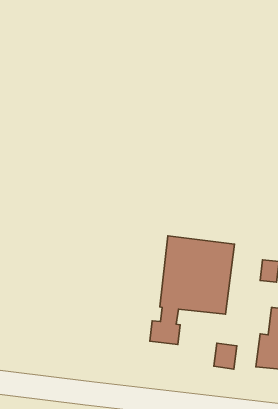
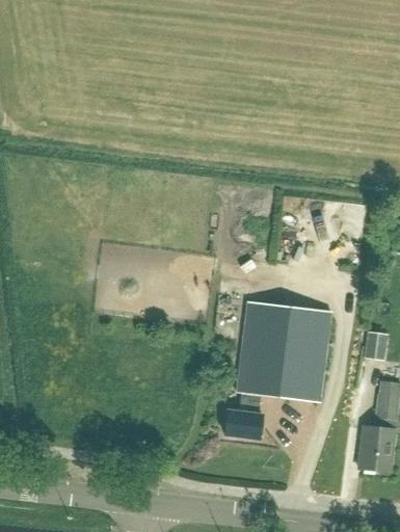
building: [214,343,237,369] -> none

